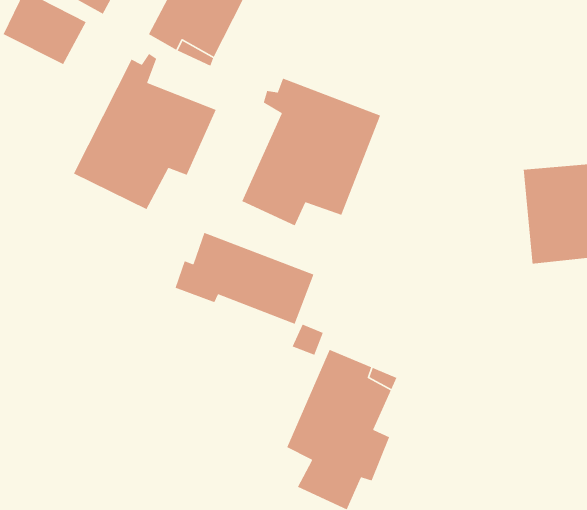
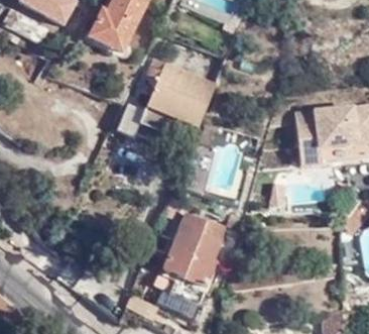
building: [73,53,217,210] -> none
building: [175,232,315,325] -> none

